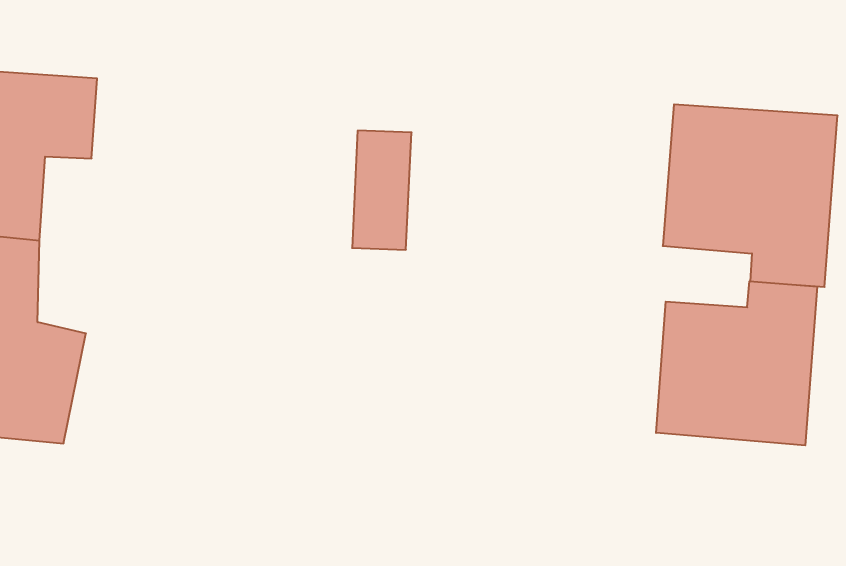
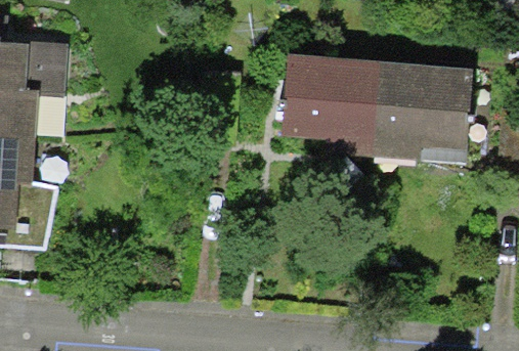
building: none -> [284,54,380,139]
building: [656,281,817,445] -> none

